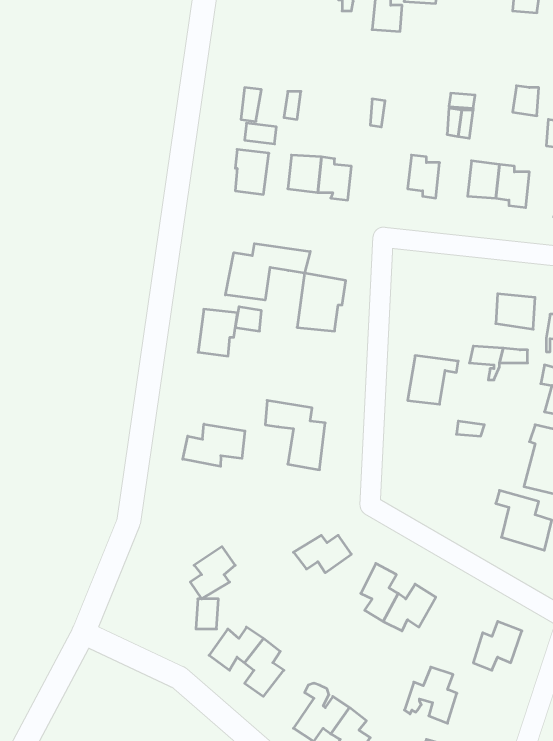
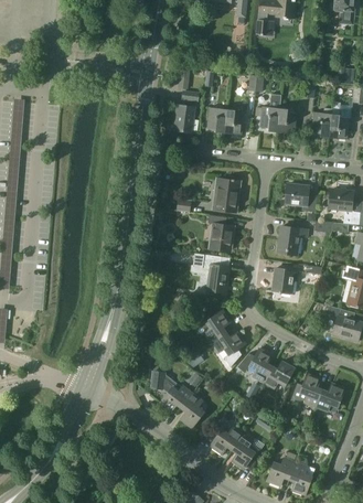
building: none -> [259,94,280,128]
building: [225,244,310,300] -> none
building: none -> [285,184,317,212]
building: [198,309,237,356] -> [211,224,234,252]
building: [183,424,245,466] -> none
building: none -> [273,267,298,293]
building: [190,547,235,599] -> [203,311,229,342]
building: [404,667,457,723] -> [290,374,321,407]

